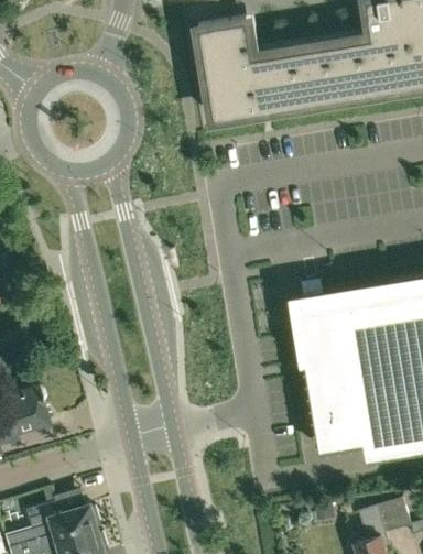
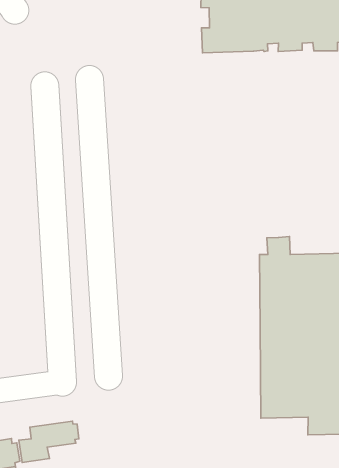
building: none -> [19,421,79,463]

